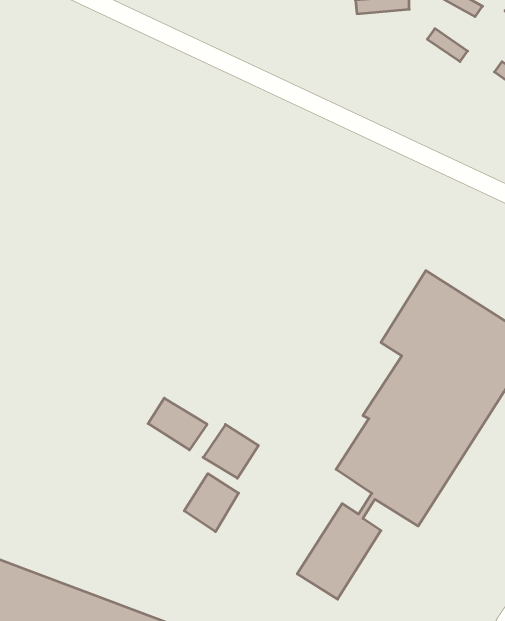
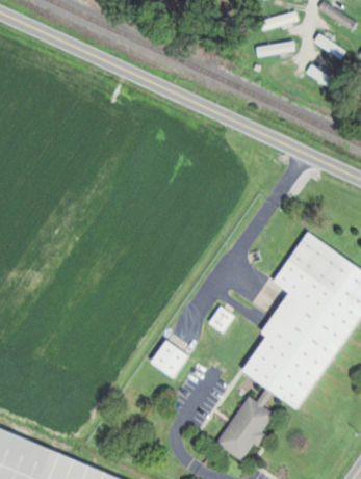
building: [148,398,207,450] -> none
building: [184,474,239,532] -> none

